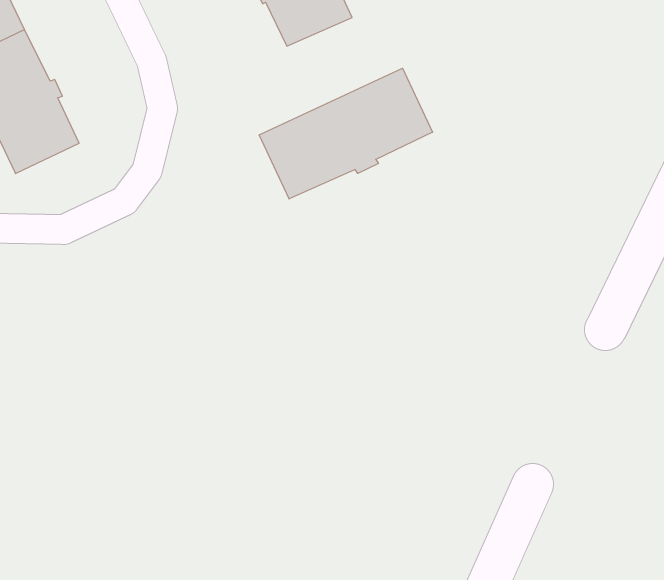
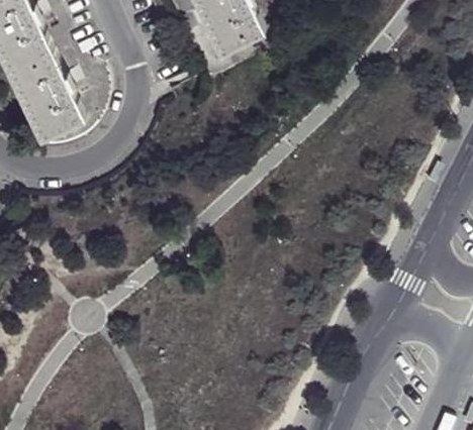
building: [259,68,433,199] -> none

